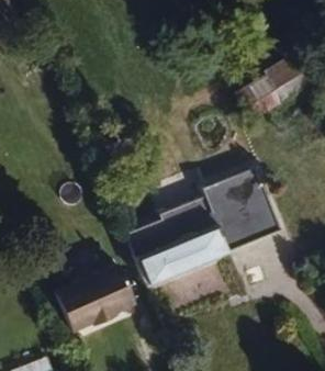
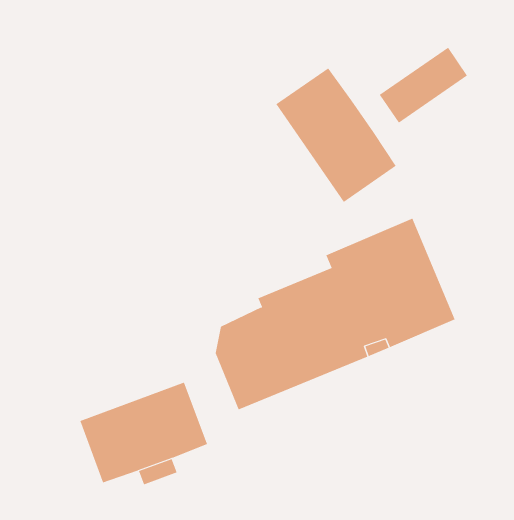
building: none -> [275,67,397,203]

